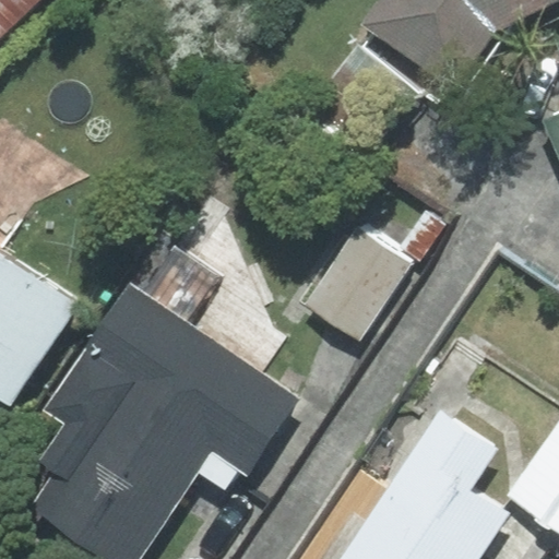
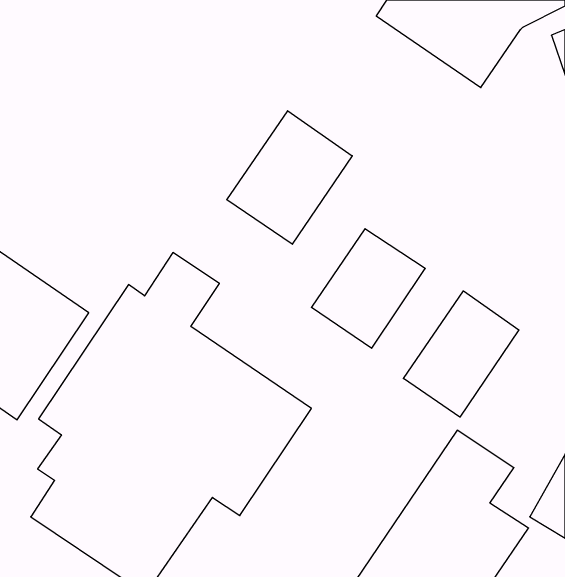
building: none -> [227,111,352,244]
building: none -> [403,291,519,417]

